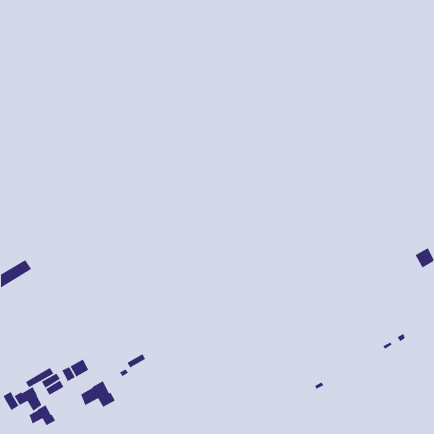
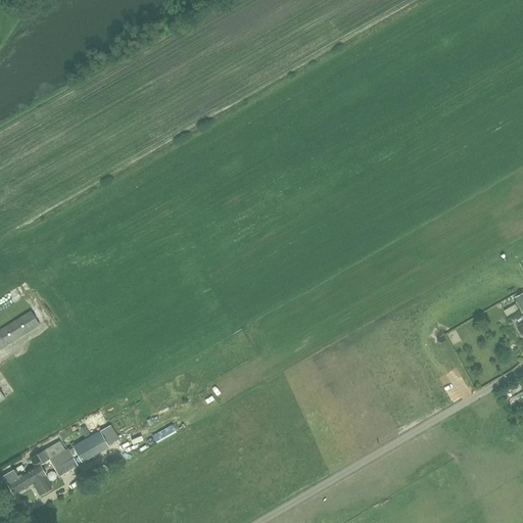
building: [80,380,116,408] -> none
building: [28,404,56,426] -> none

